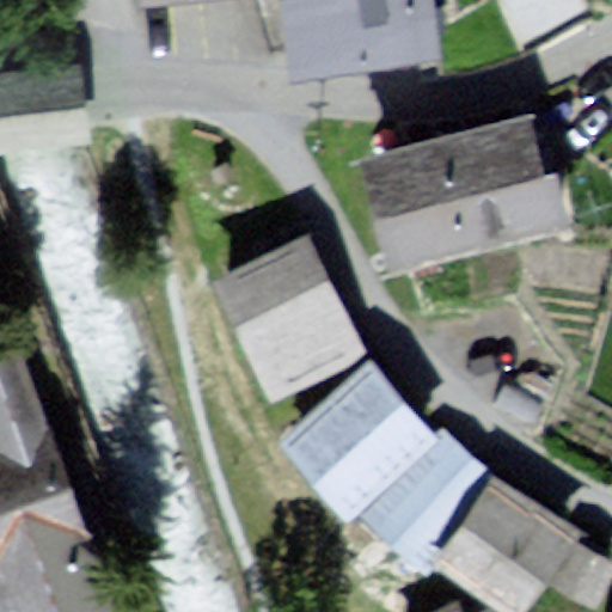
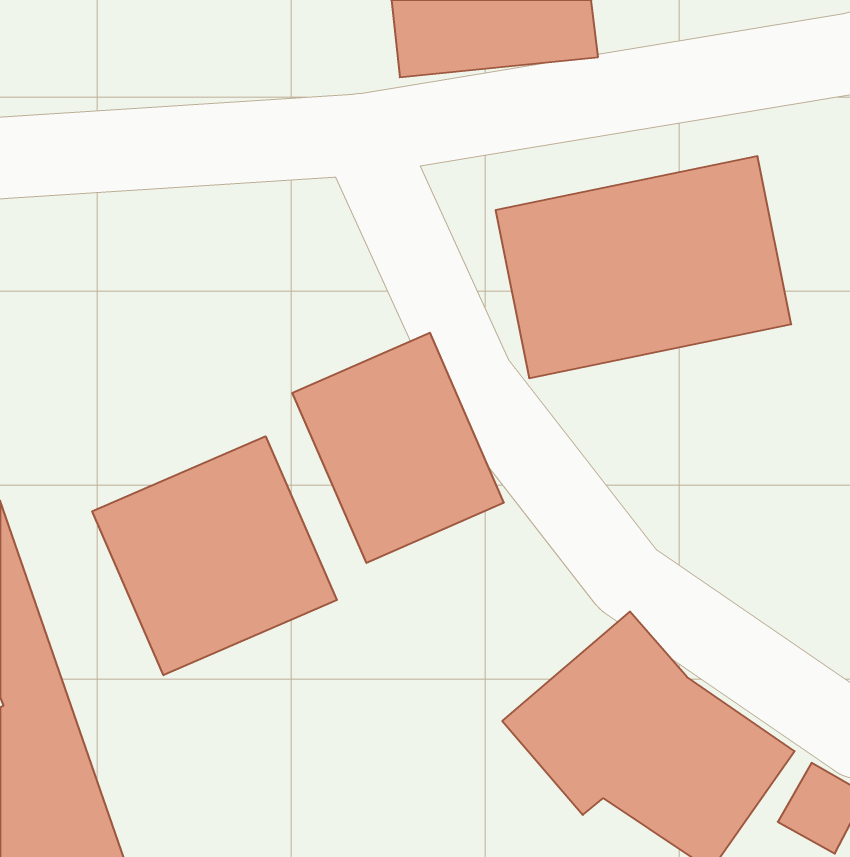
building: none -> [92,436,337,675]
building: [274,362,437,522] -> none

